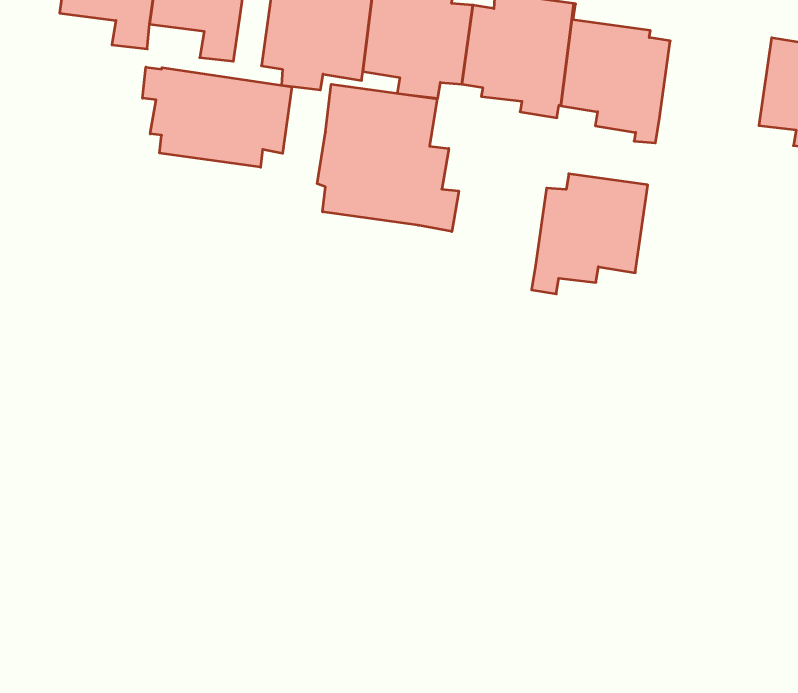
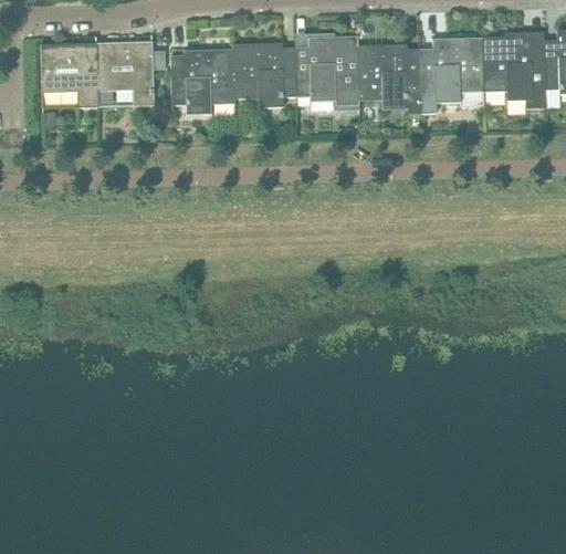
building: [143,67,292,167] -> none
building: [317,84,459,232] -> none
building: [532,174,648,294] -> [420,36,483,113]

